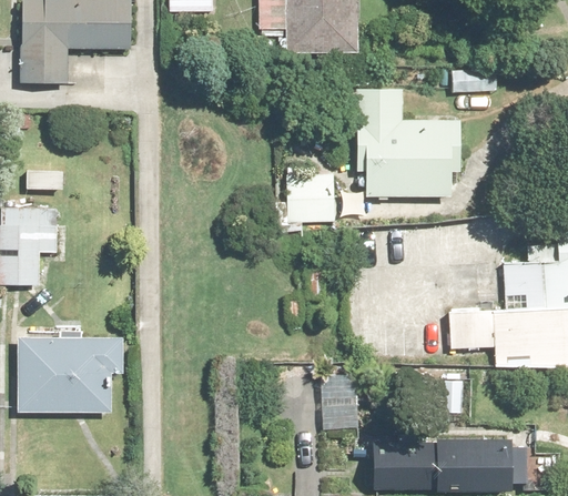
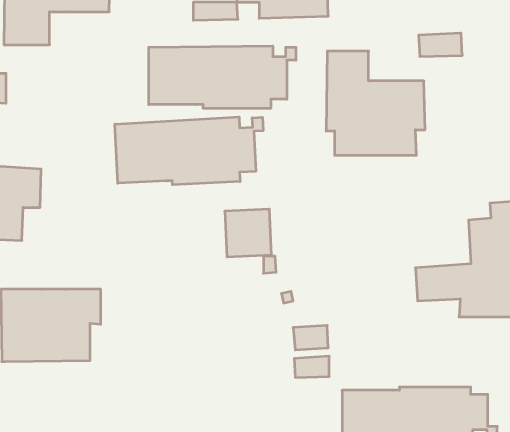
building: none -> [149,46,296,108]
building: none -> [115,117,263,185]
building: [287,172,336,222] -> [225,209,272,257]

